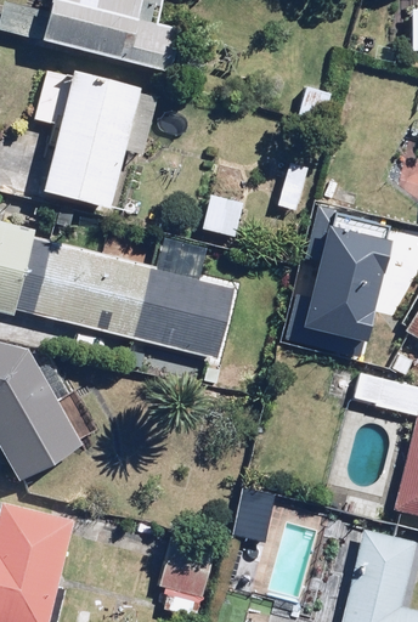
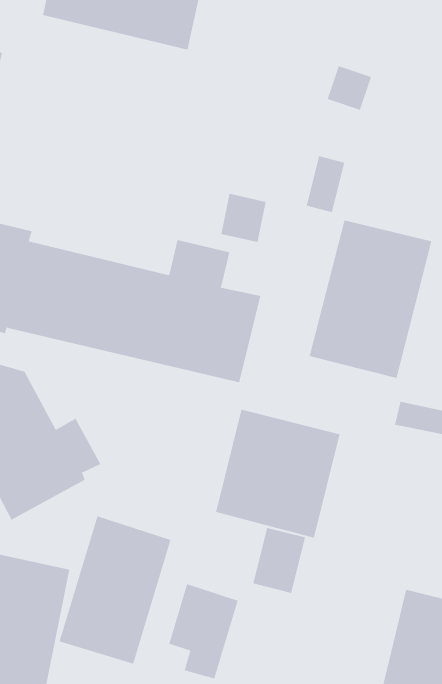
building: [32,69,157,207] -> none
building: none -> [216,409,340,538]
building: none -> [59,516,171,664]

